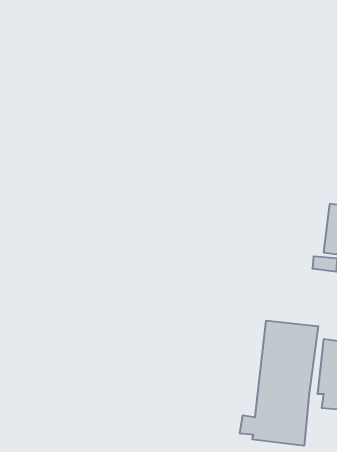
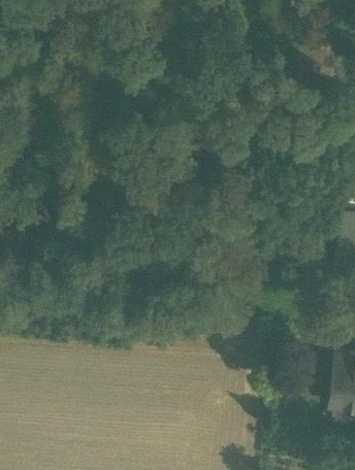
building: [240,321,318,446] -> none

